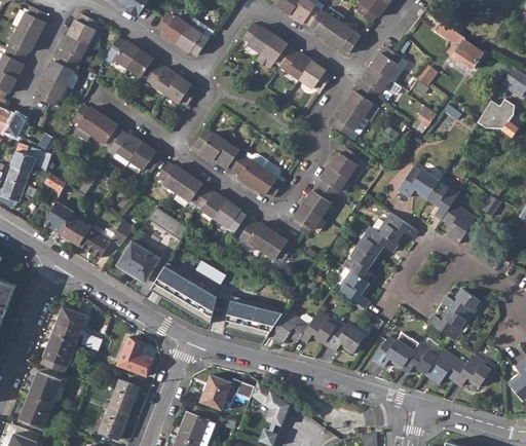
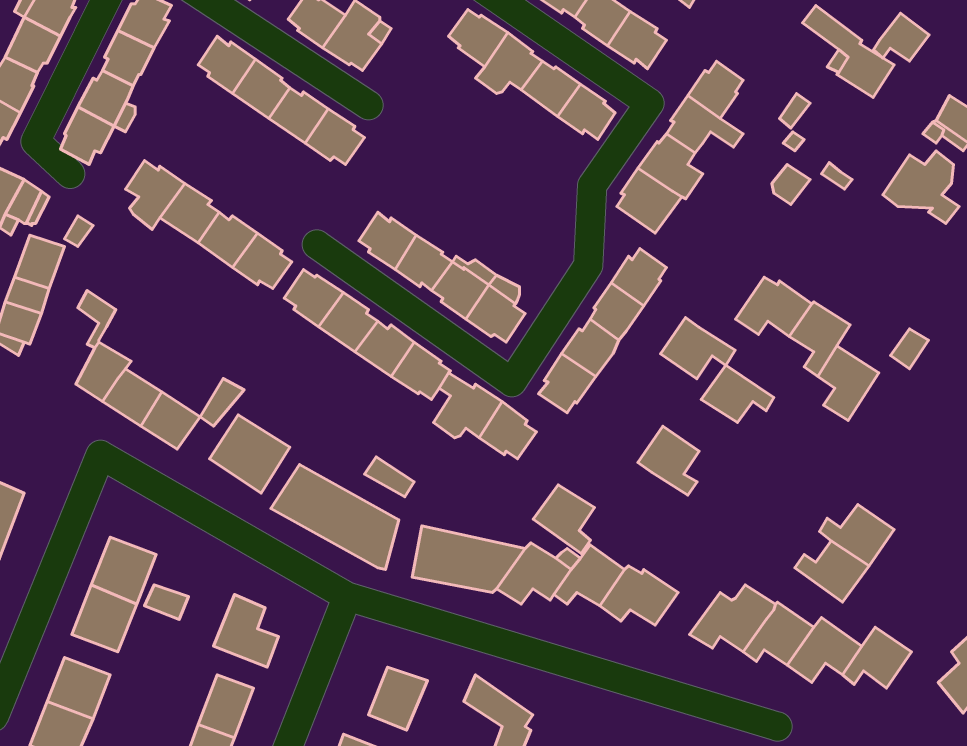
building: none -> [874,13,929,61]
building: [147,208,188,241] -> none
building: [359,226,399,259] -> [661,318,735,379]
building: [339,270,372,307] -> [533,485,594,554]

